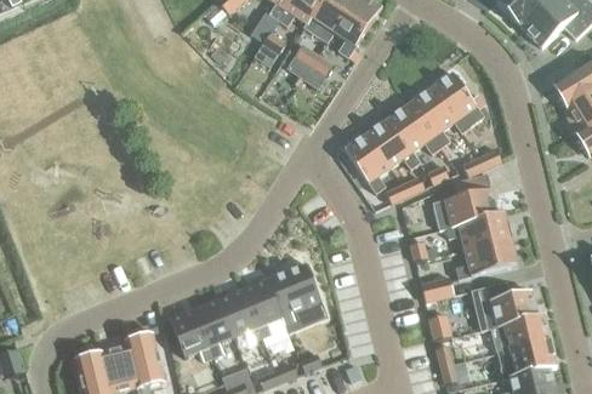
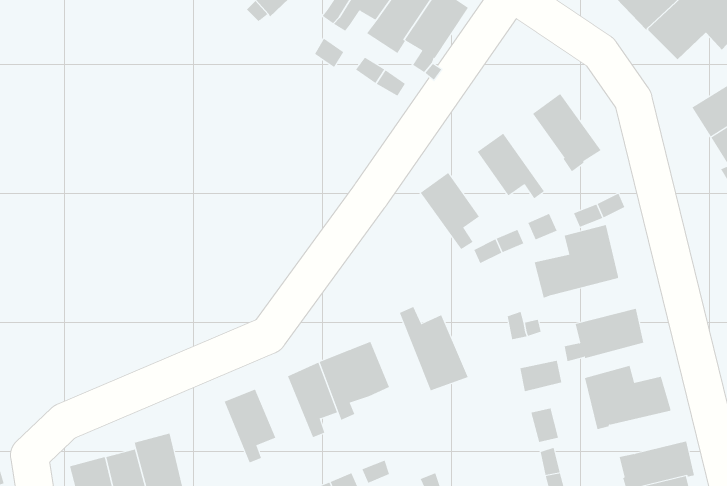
building: [408,88,454,148] -> none
building: [365,118,419,169] -> none
building: [444,212,510,250] -> none
building: none -> [399,305,468,391]
building: [217,290,261,341] -> none
building: [167,309,212,361] -> none
building: [489,313,548,349] -> none

